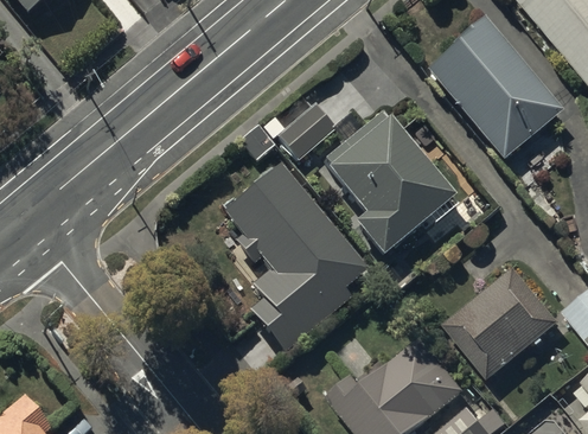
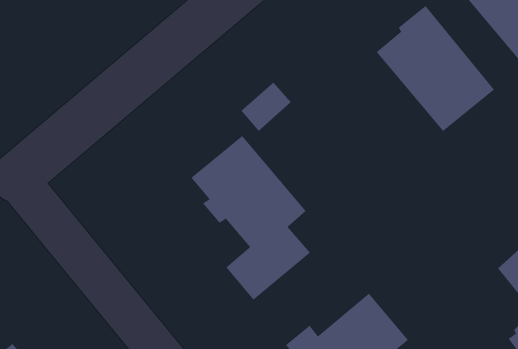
building: [325,111,455,256] -> none
building: [445,264,561,377] -> none

